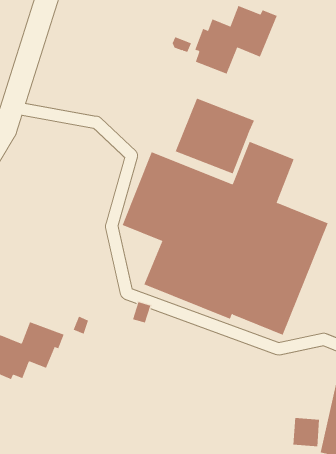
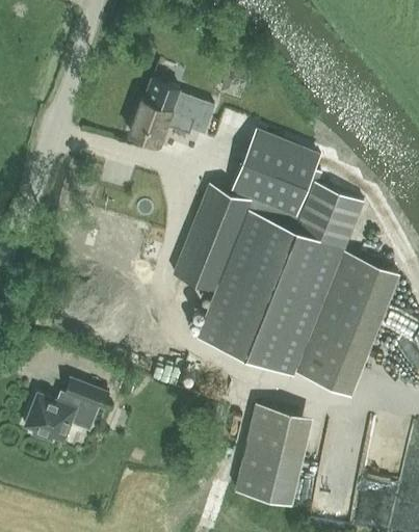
building: [195,5,277,75] -> none
building: none -> [129,80,213,147]
building: none -> [234,401,312,501]

